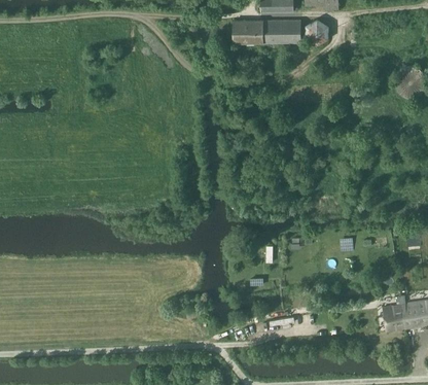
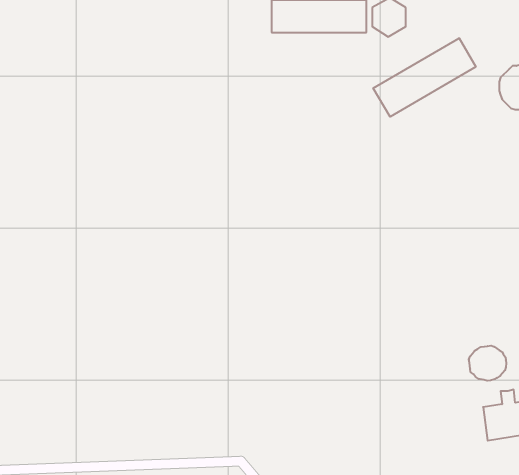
building: none -> [373,38,476,117]
building: none -> [469,346,506,381]

